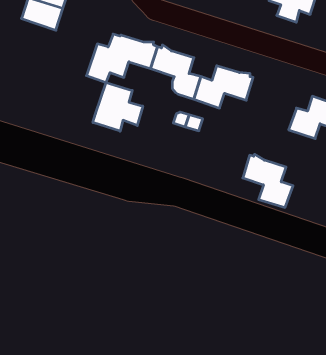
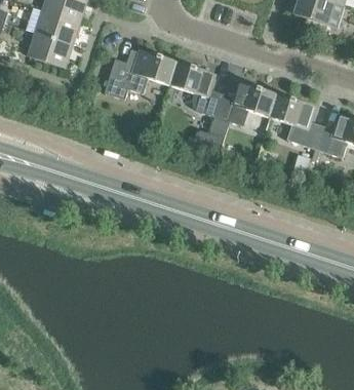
building: none -> [28,33,72,68]
building: [93,82,143,131] -> none
building: [243,154,293,207] -> [270,93,322,149]

